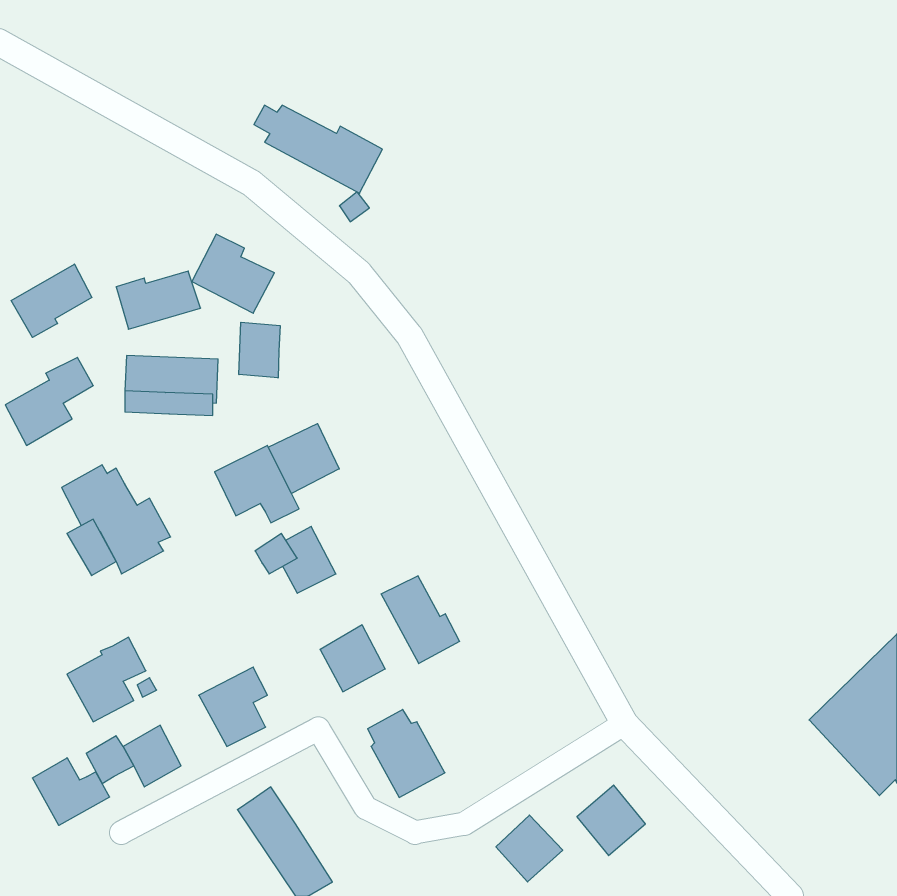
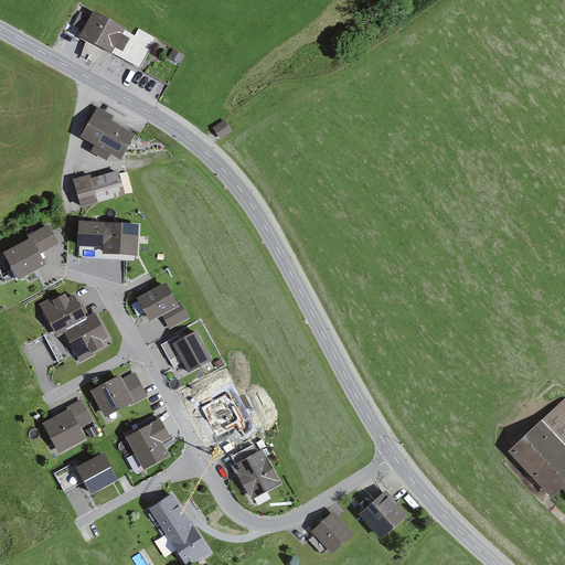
building: [254,105,382,193] -> [74,12,154,67]
building: [192,234,274,313] -> [81,108,132,158]
building: [11,264,92,337] -> none
building: [239,322,280,378] -> none
building: [268,424,339,493] -> none
building: [381,576,460,664] -> none
building: none -> [90,372,146,416]
building: [32,758,110,825] -> none

